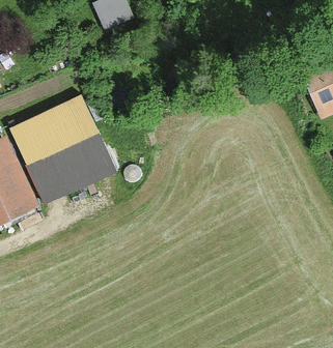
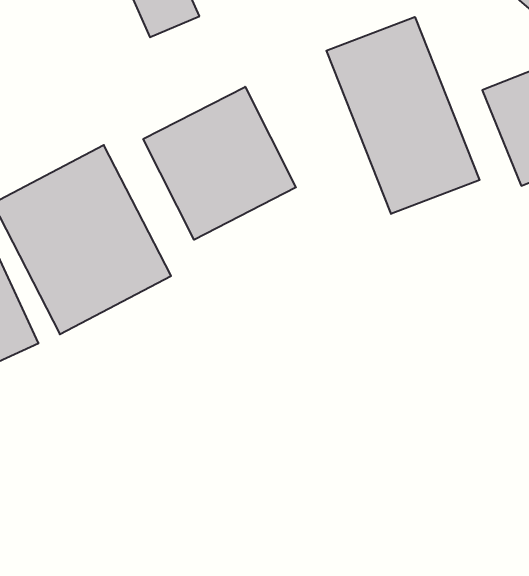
building: none -> [326,17,480,214]
building: none -> [143,87,296,240]

